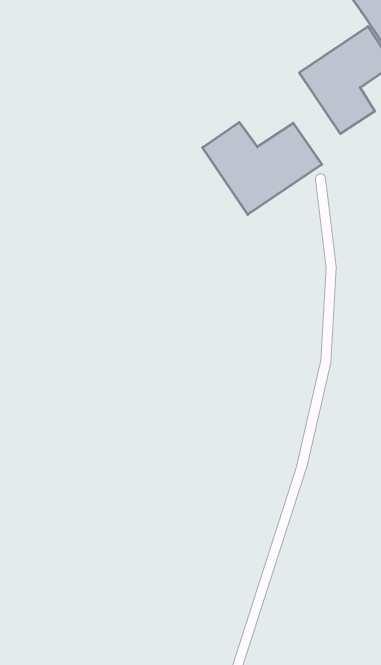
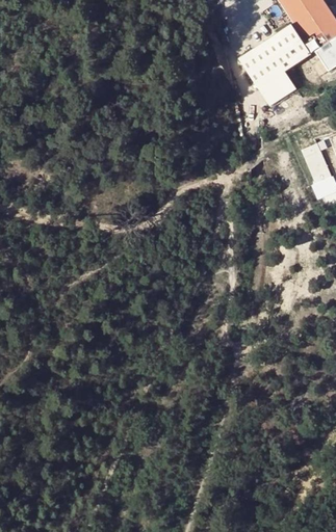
building: [203,122,322,215] -> none

